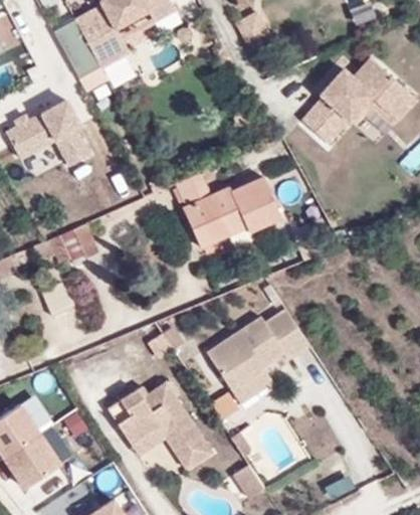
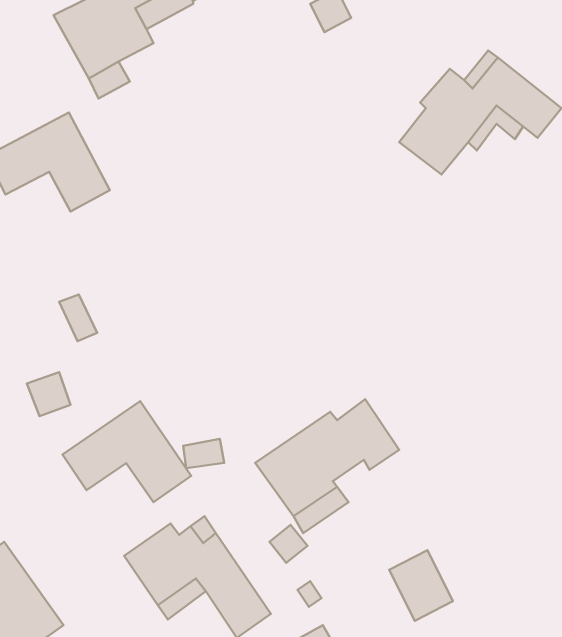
building: [176,171,281,245] -> none
building: none -> [62,401,191,502]

